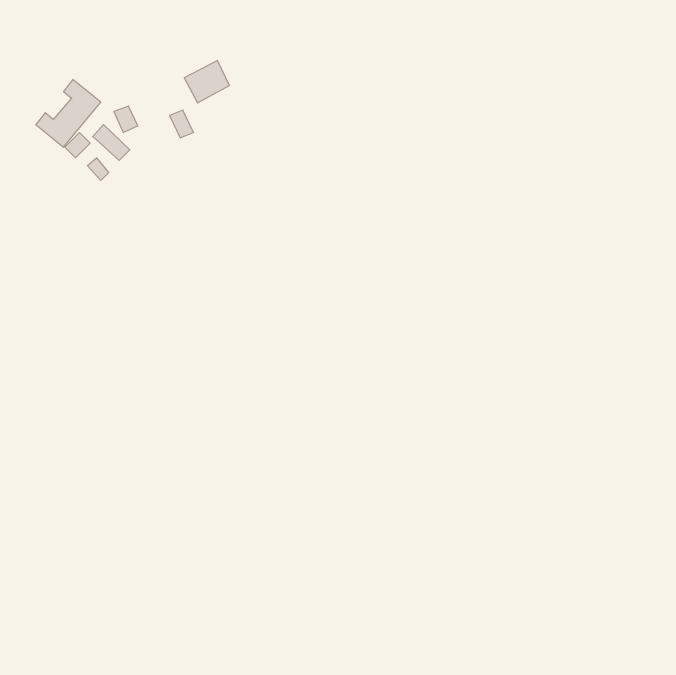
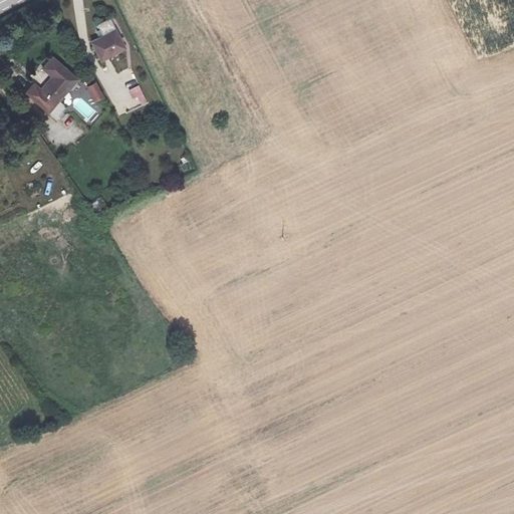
building: [184,60,229,103] -> [90,28,124,60]

